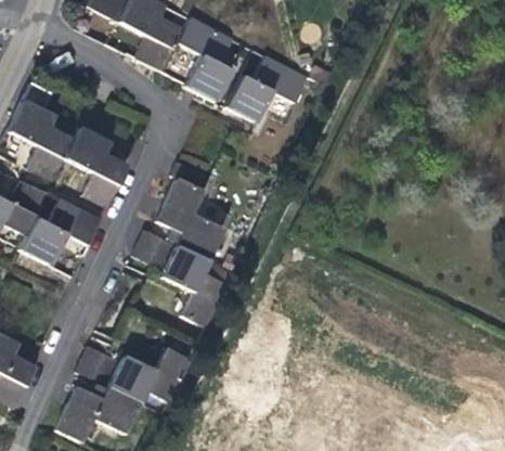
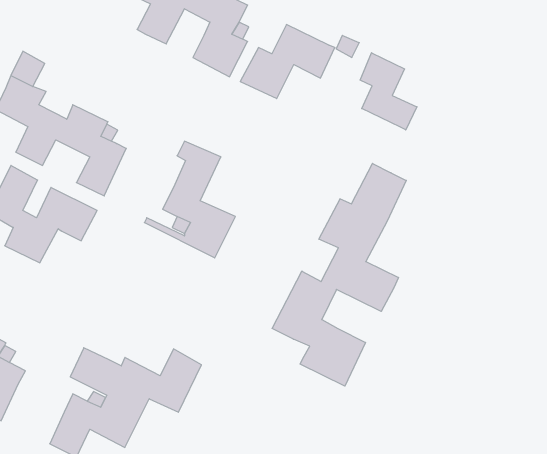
building: none -> [360,53,417,130]
building: none -> [272,163,406,386]
building: [129,232,229,326] -> none

